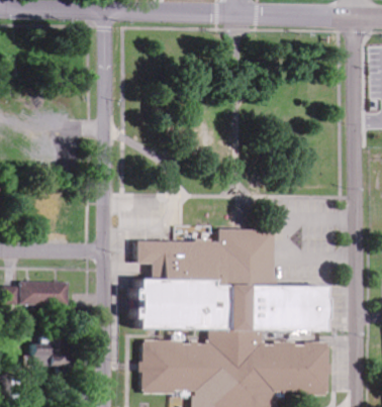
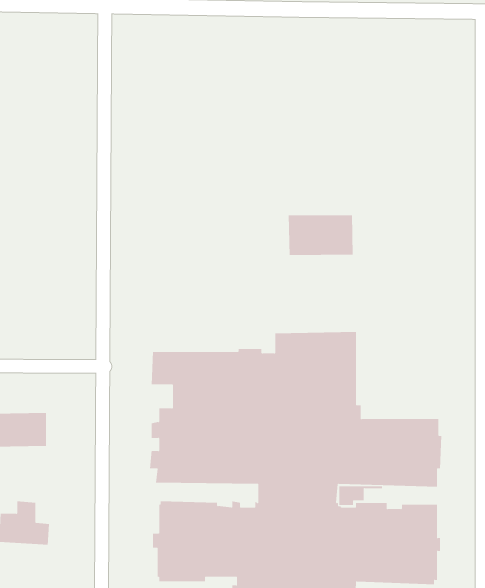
building: none -> [288,215,353,256]

